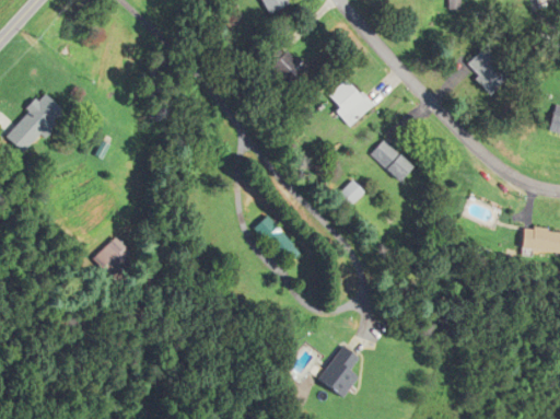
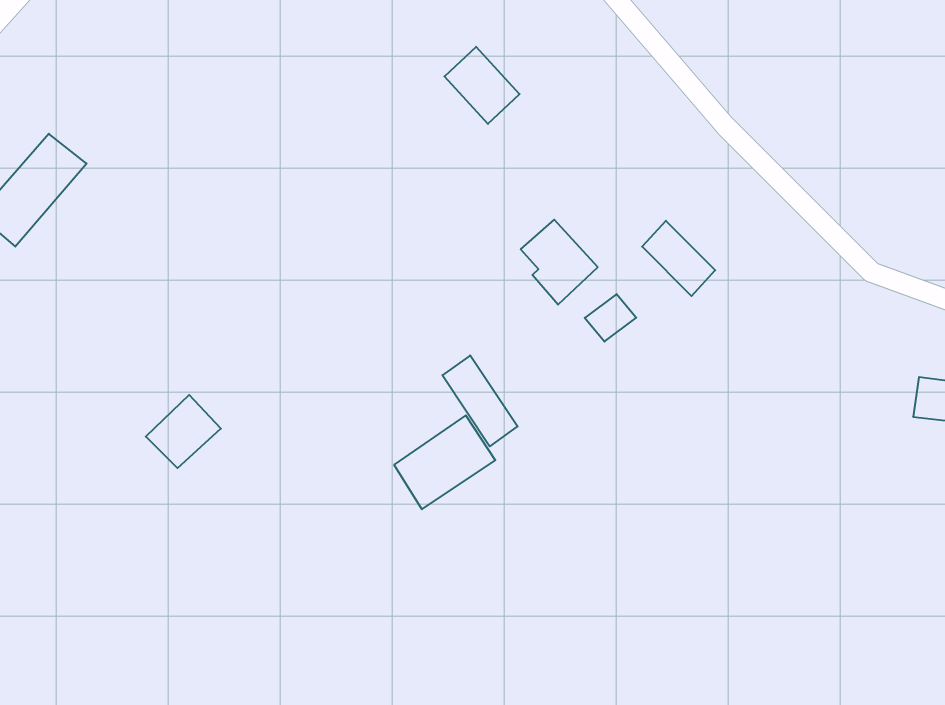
building: [469,46,513,94] -> none
building: [327,79,370,126] -> [521,220,598,305]
building: none -> [394,415,495,509]
building: [320,348,361,397] -> none

